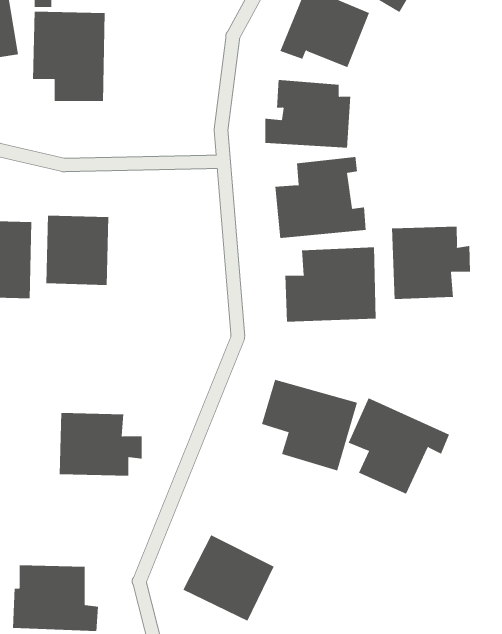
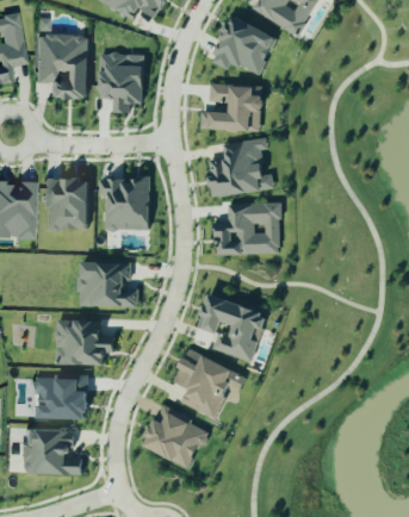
building: none -> [99,52,145,112]
building: none -> [99,179,151,230]
building: [391,226,470,300] -> none
building: none -> [79,261,138,306]
building: [348,398,450,495] -> [174,349,247,418]
building: none -> [32,374,88,419]

